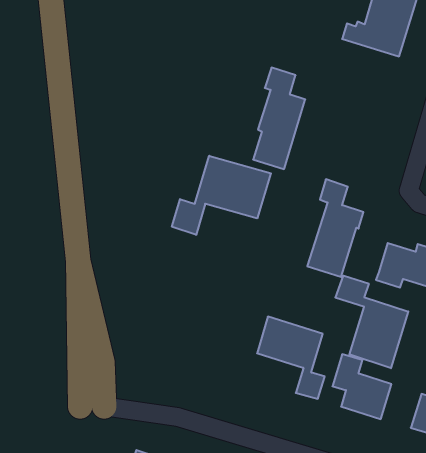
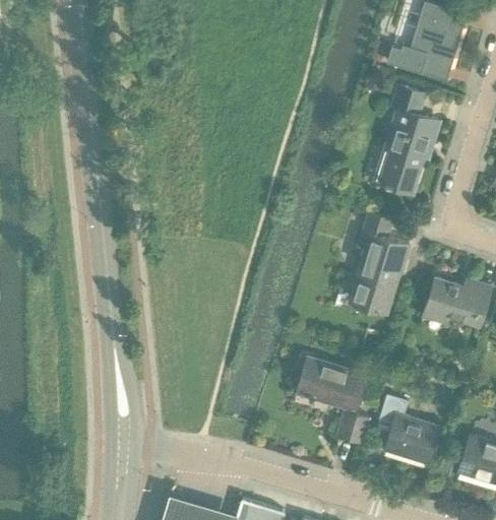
building: [253,68,305,169] -> [379,87,434,194]
building: [172,156,271,235] -> none
building: [335,276,408,368] -> none

